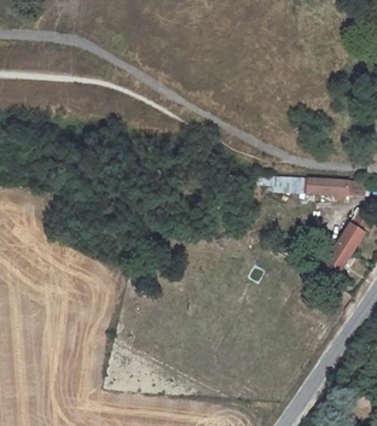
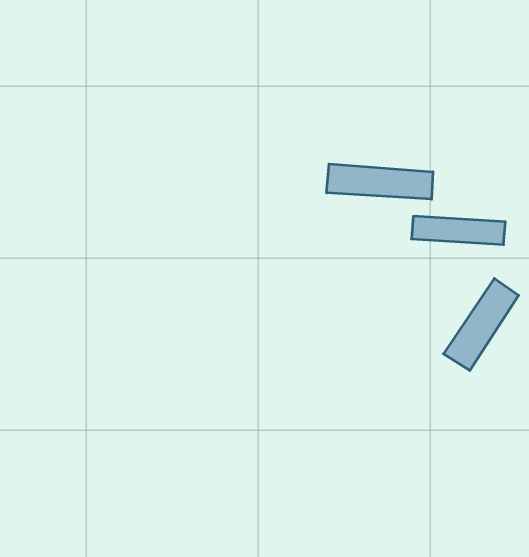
building: none -> [327,164,433,199]

